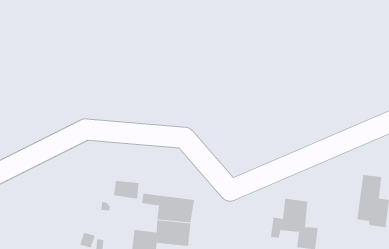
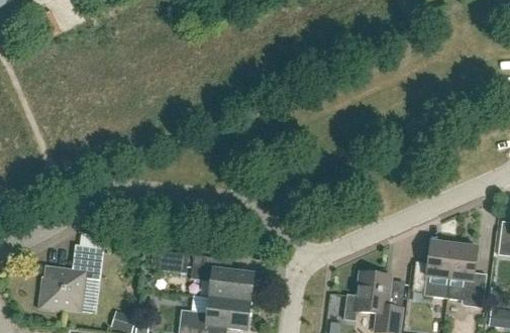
building: none -> [412,240,454,297]
building: none -> [39,244,104,311]

